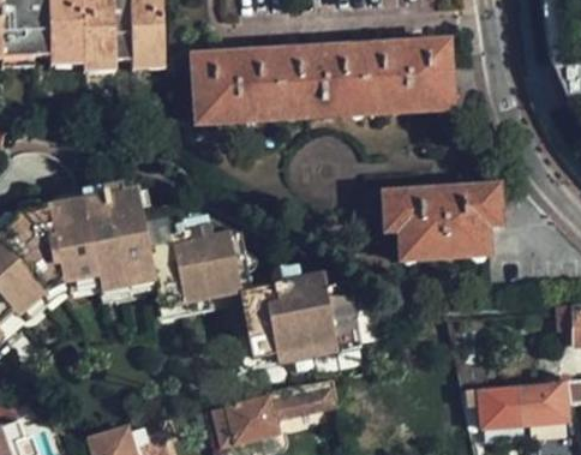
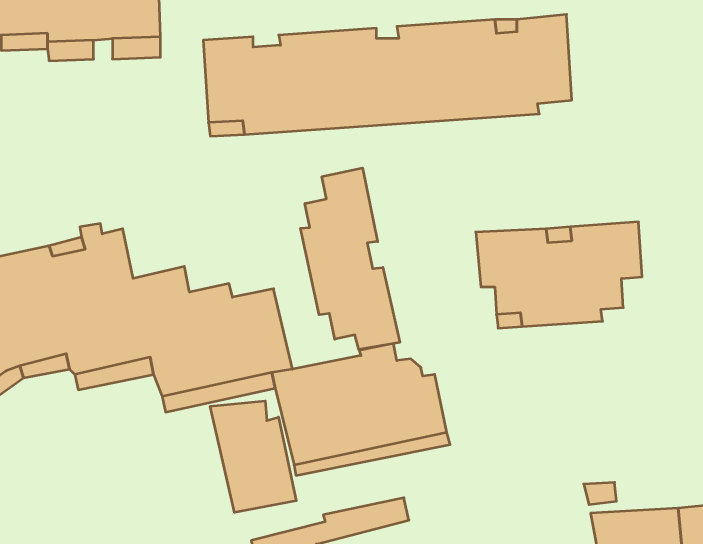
building: none -> [301,168,400,349]
building: none -> [210,401,296,512]

